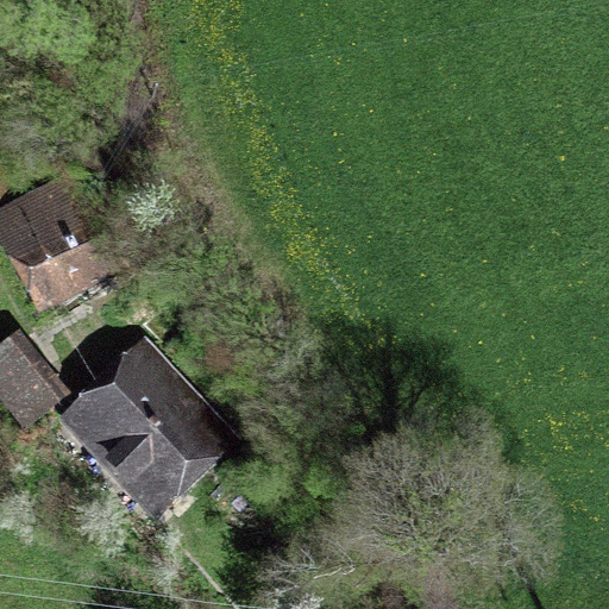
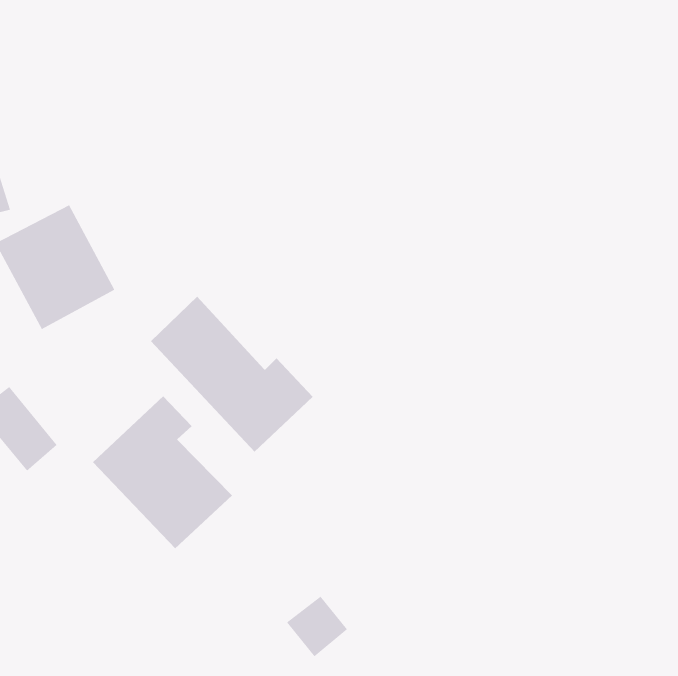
building: none -> [150,296,313,452]

